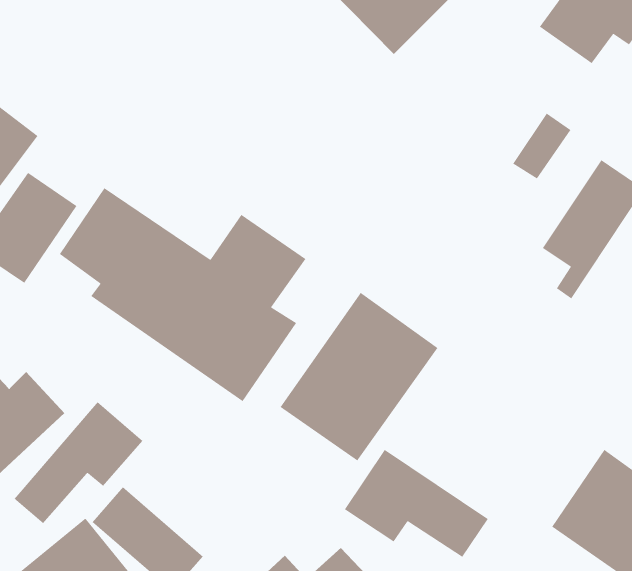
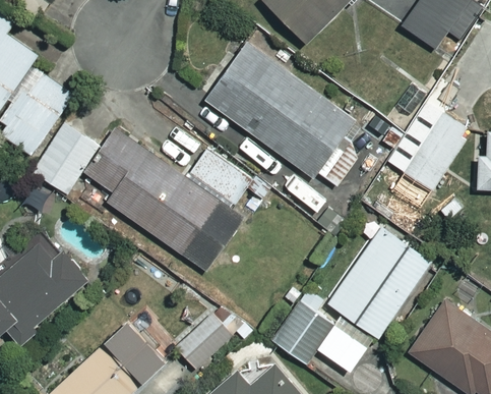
building: none -> [205,43,356,186]
building: [279,292,438,462] -> [327,228,431,339]
building: [13,401,143,524] -> none
building: none -> [175,313,232,368]

